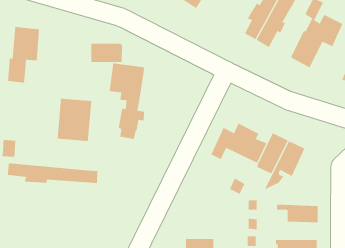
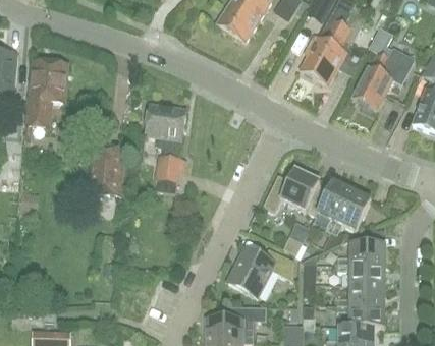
building: [91,43,122,63] -> none
building: [7,163,98,184] -> none
building: none -> [336,245,385,269]
building: none -> [227,247,292,296]
building: none -> [335,287,385,307]

